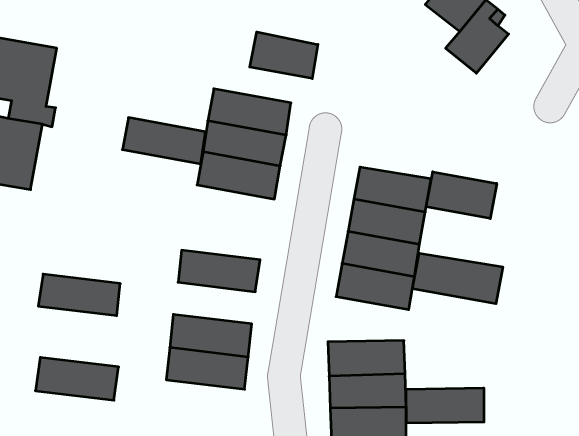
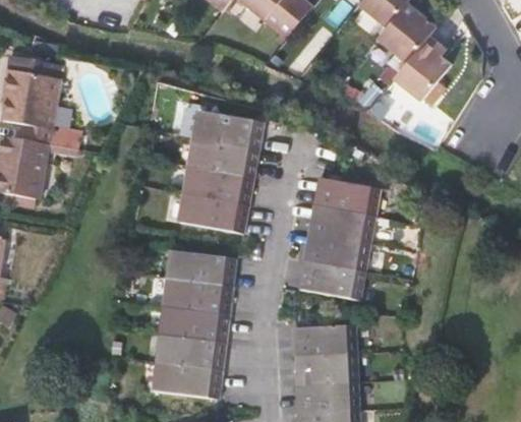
building: [250,32,318,79] -> none
building: [122,118,206,164] -> [176,194,247,234]
building: [426,172,497,219] -> none
building: [412,253,503,304] -> none
building: [38,274,120,316] -> [161,278,231,313]
building: [35,357,119,400] -> [151,361,222,398]
building: [406,388,484,423] -> none

